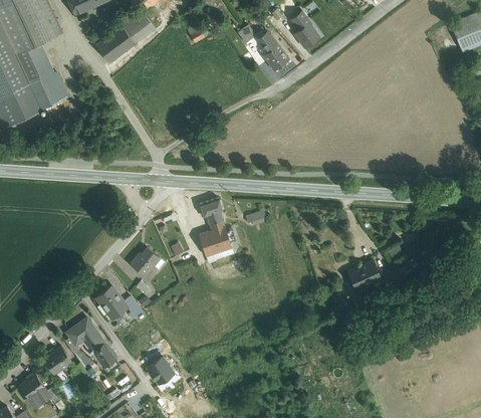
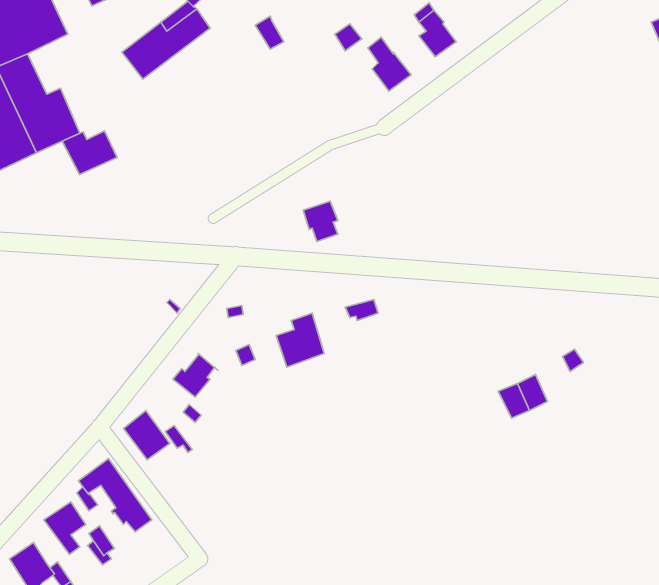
building: none -> [62,131,117,175]
building: [200,198,223,225] -> [303,201,338,242]
building: [144,356,176,388] -> none

